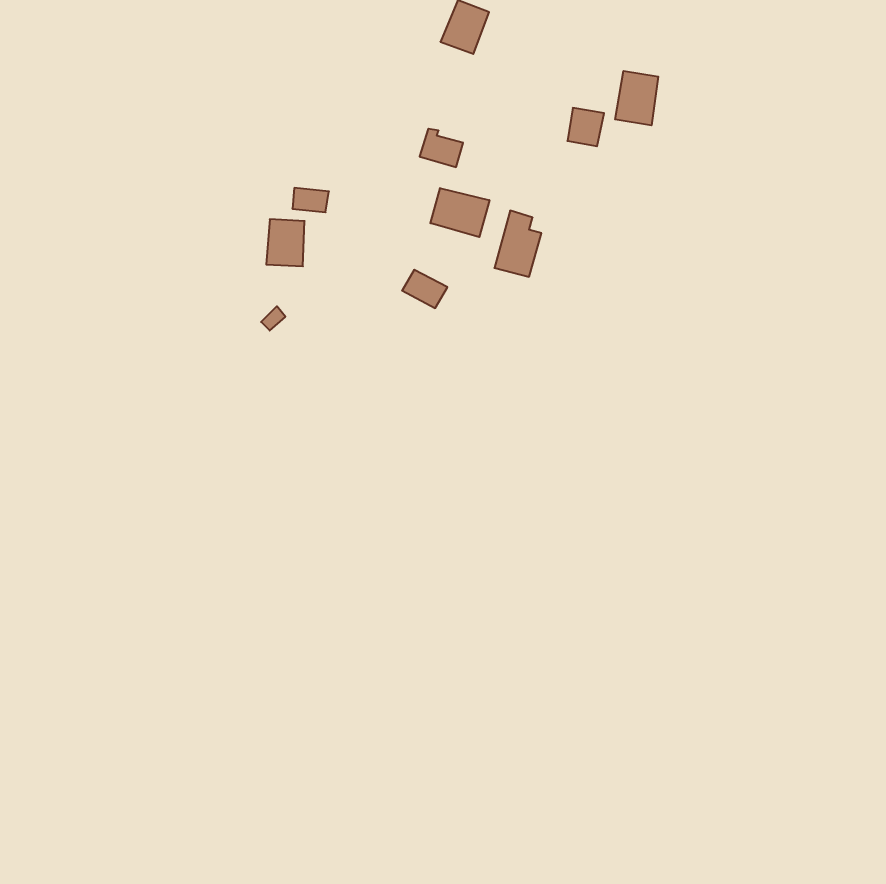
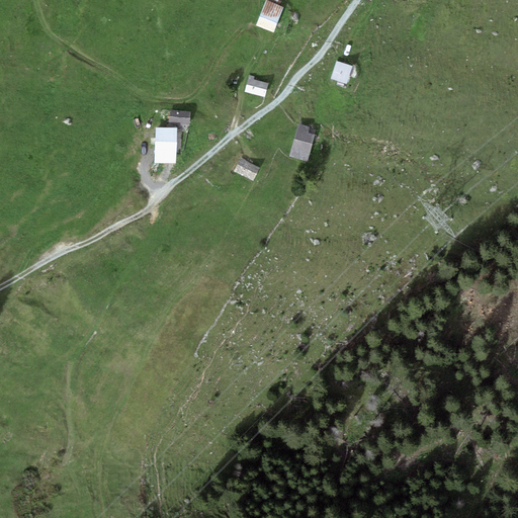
building: [615,71,658,125] -> none
building: [430,188,489,237] -> none

